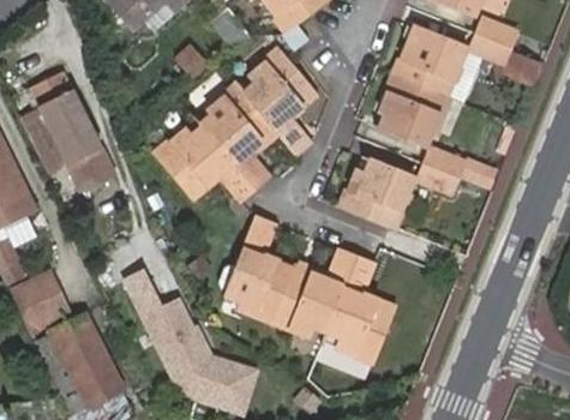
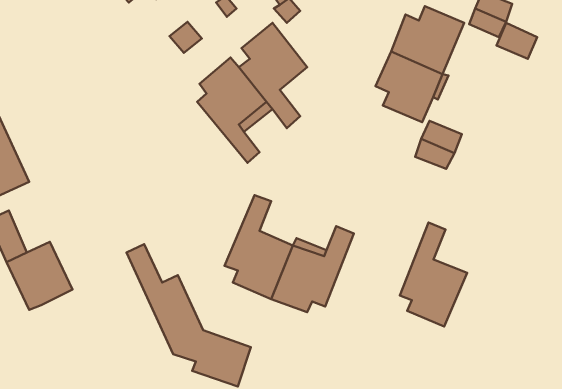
building: [30,71,115,190] -> none
building: [150,126,251,199] -> none
building: [338,161,410,227] -> none
building: [329,258,396,362] -> [400,222,467,326]
building: [44,310,126,409] -> none

